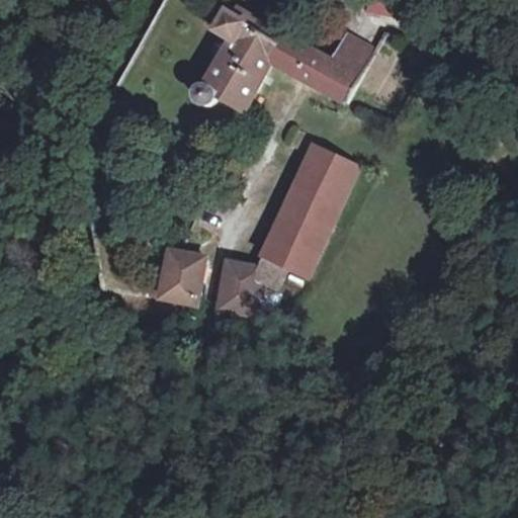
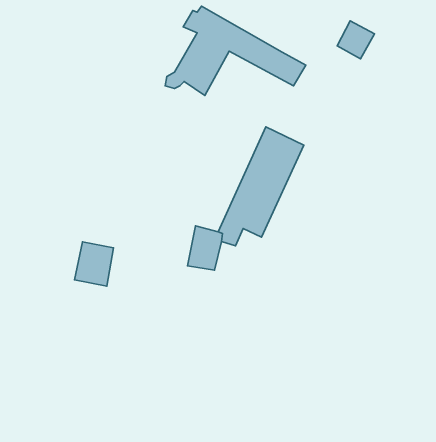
building: [329,31,372,76] -> [337,21,375,59]
building: [158,253,203,305] -> [75,242,114,286]

